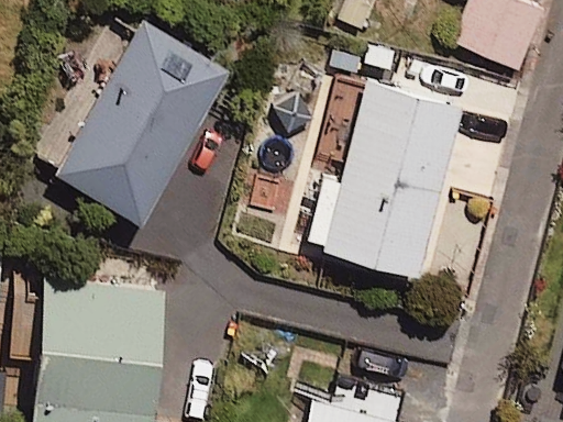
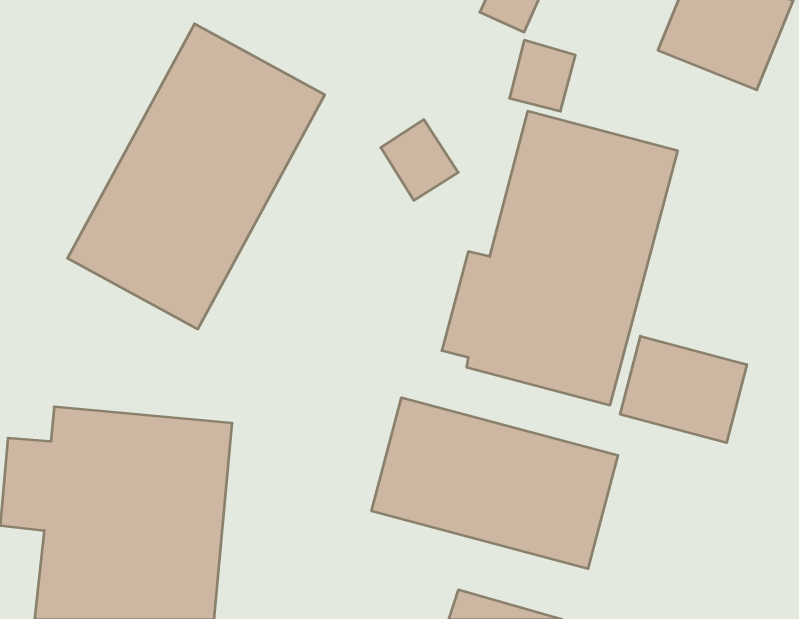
building: none -> [620,336,747,443]
building: none -> [372,398,618,569]

